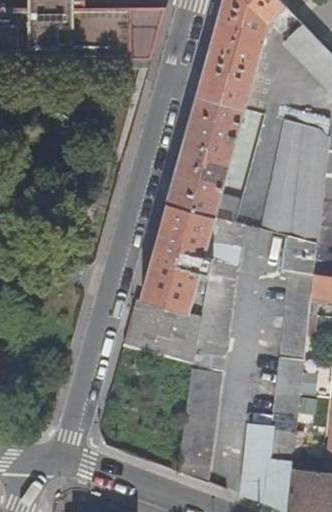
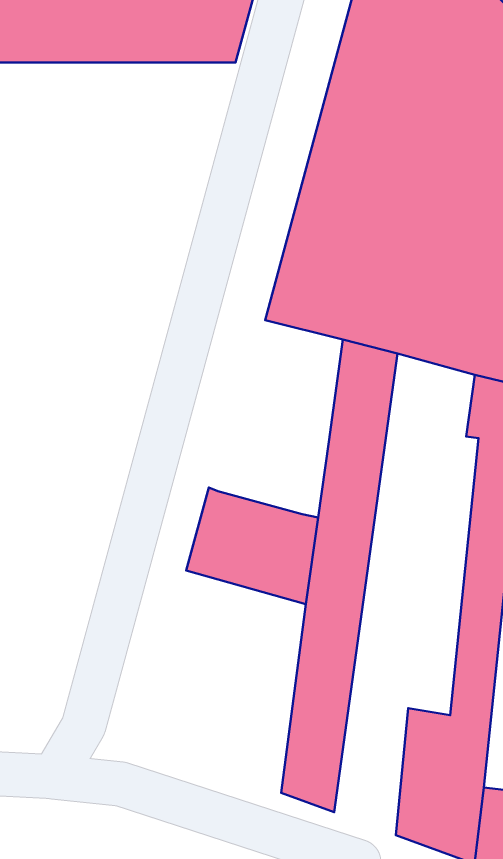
building: [140,202,211,312] -> none

